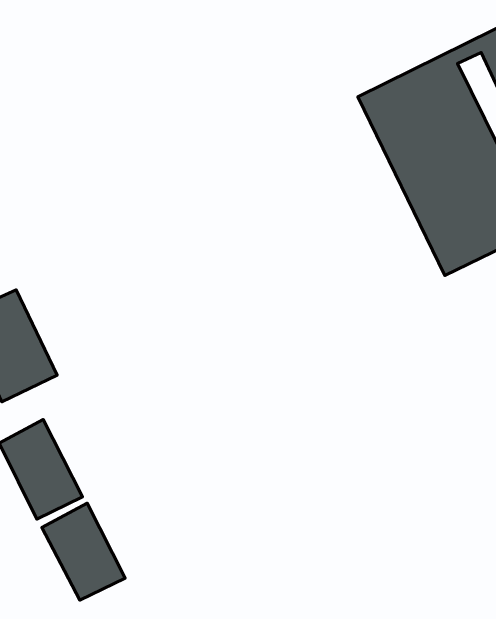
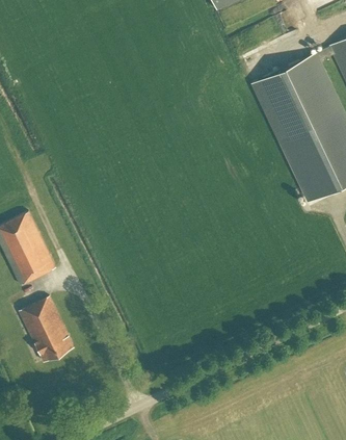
building: [42,503,125,600] -> none

